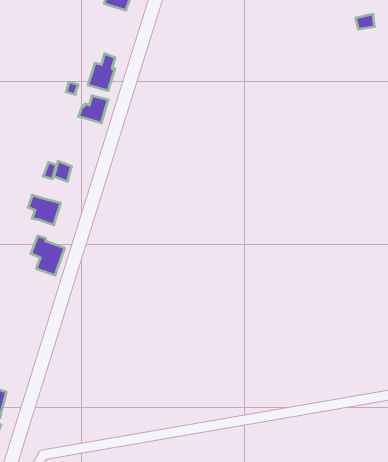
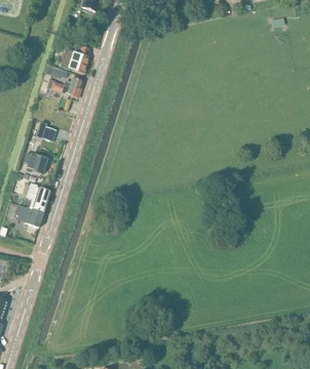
building: none -> [14,203,43,227]

